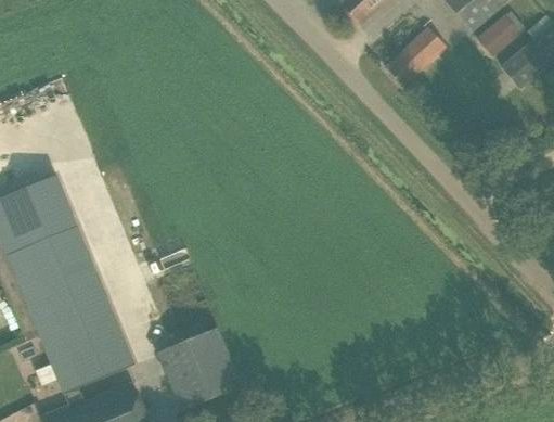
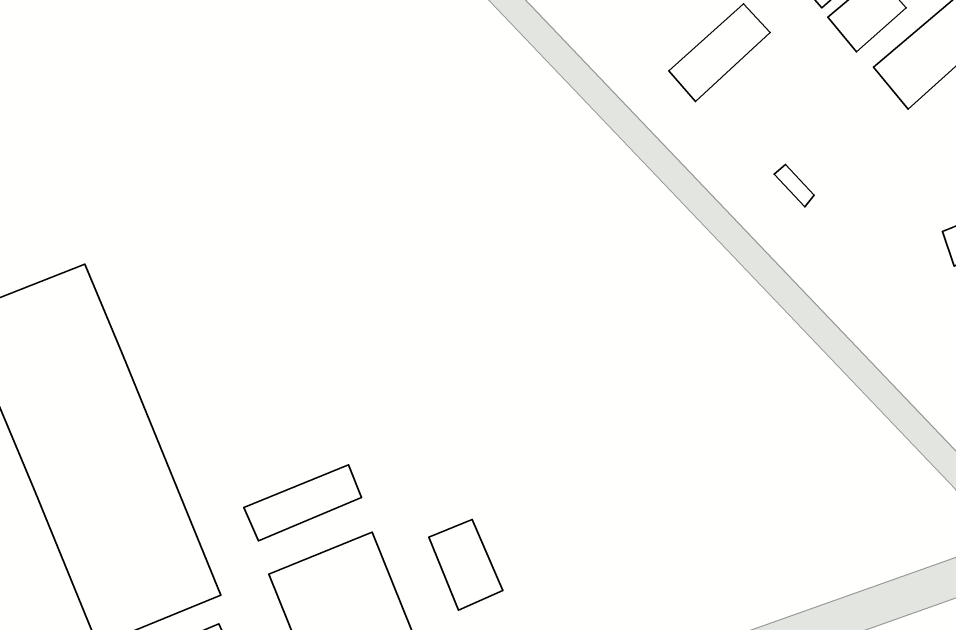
building: none -> [244,465,362,541]
building: none -> [429,519,503,610]

